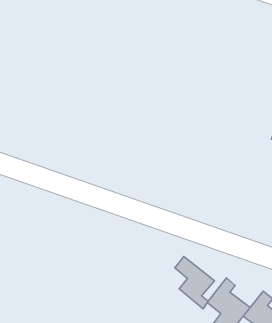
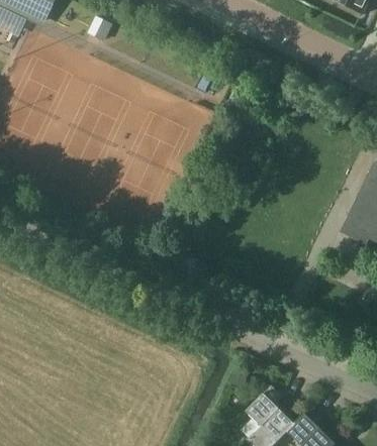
building: [175,256,214,309] -> none

